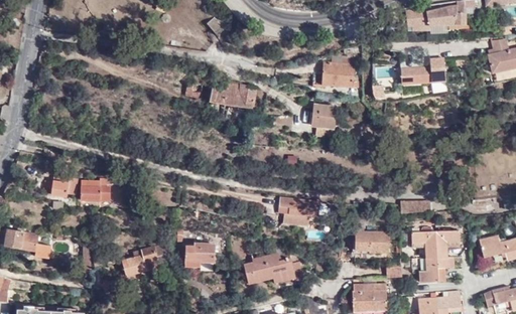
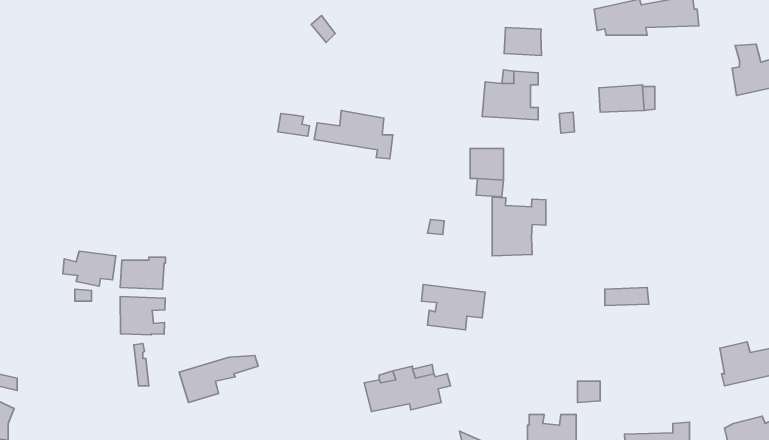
building: none -> [504,27,541,56]
building: none -> [492,197,546,256]
building: none -> [120,297,165,335]
building: [6,227,39,252] -> none
building: [413,230,462,281] -> none
building: [356,231,389,252] -> none
building: [185,244,215,267] -> none

